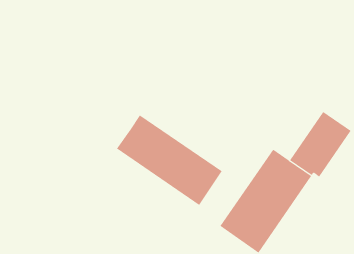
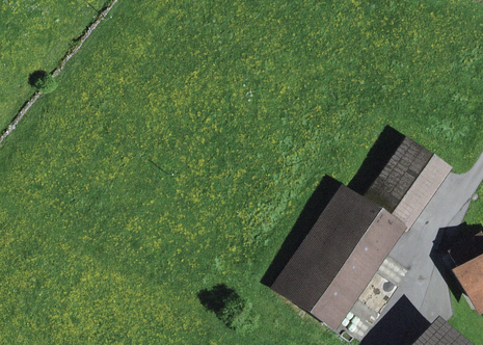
building: [116,115,222,206] -> none

